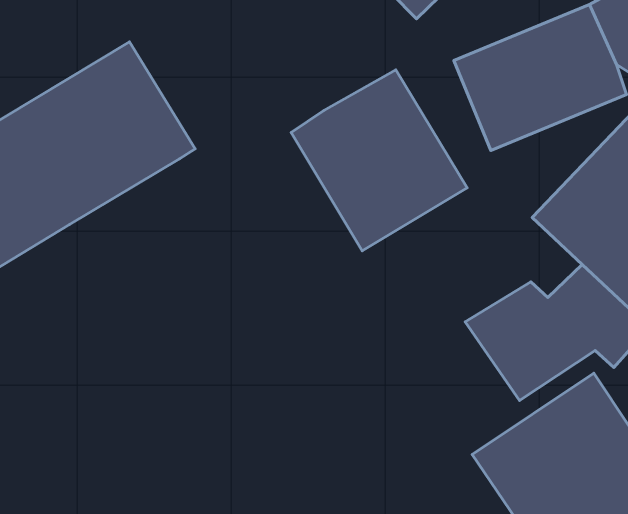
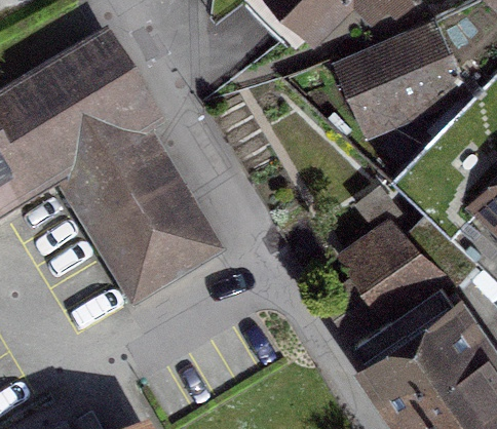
building: [291,70,467,251] -> none
building: none -> [63,132,216,302]

